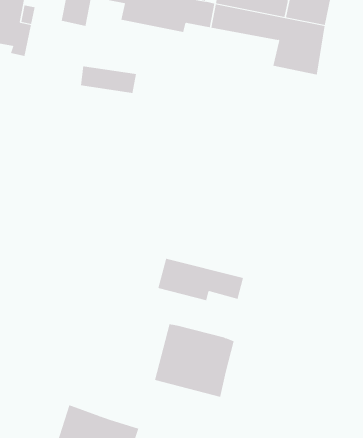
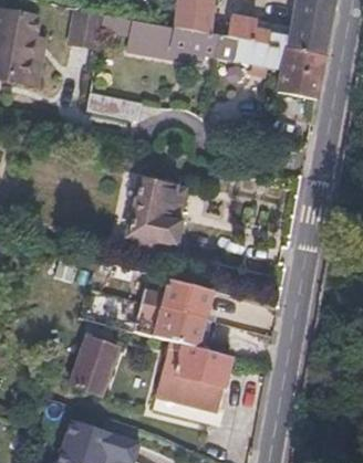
building: none -> [125,173,182,246]
building: none -> [138,304,227,356]
building: none -> [72,348,120,398]

